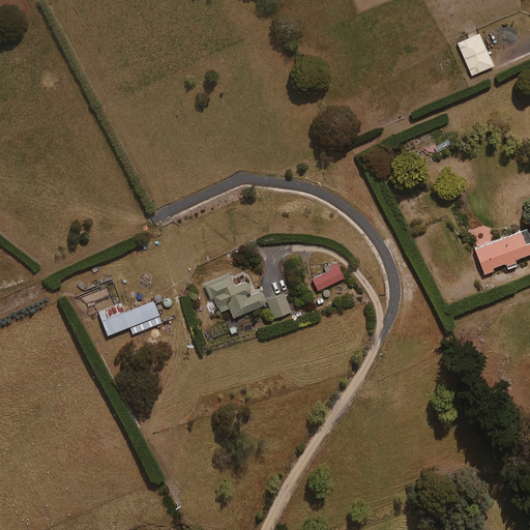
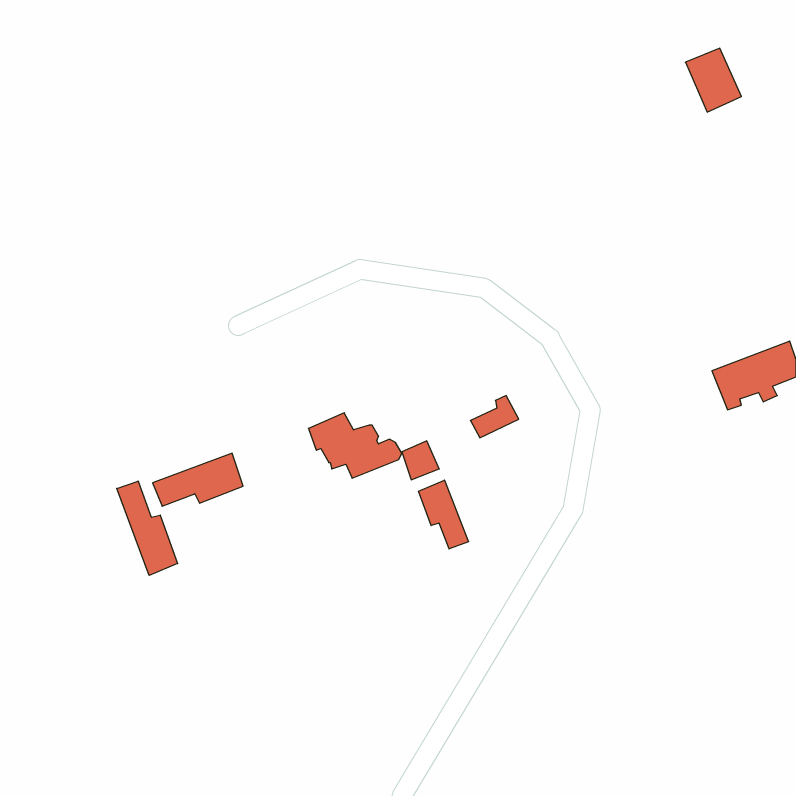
building: none -> [418,480,468,549]
building: none -> [117,481,178,575]

